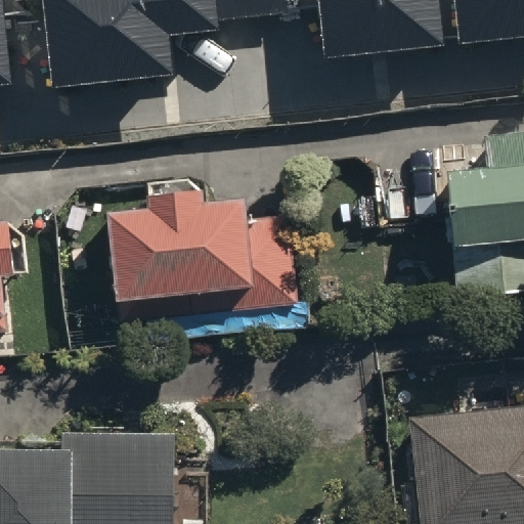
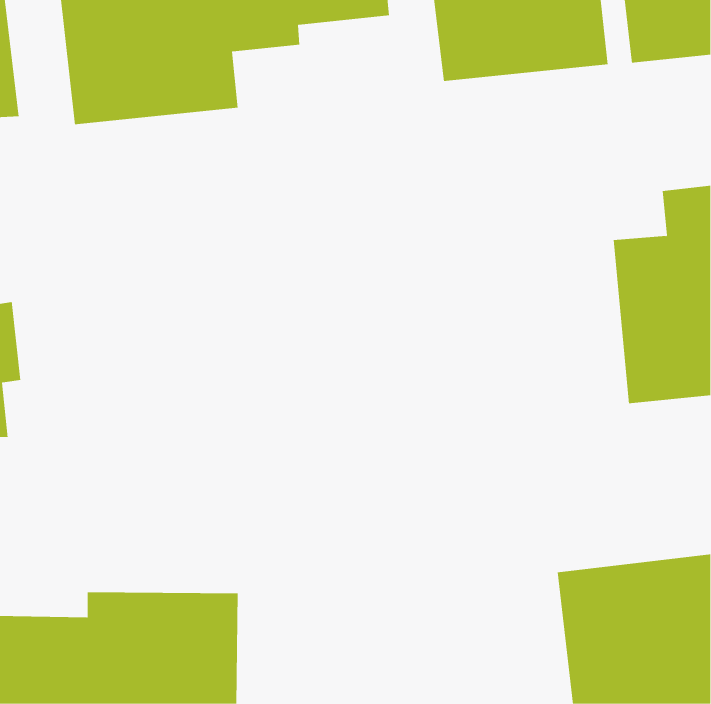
building: [108,191,297,319] -> none

